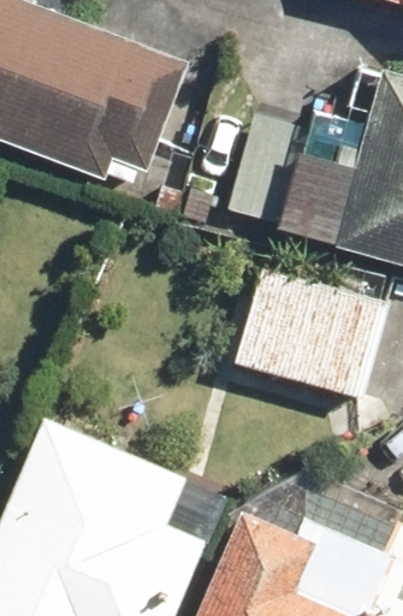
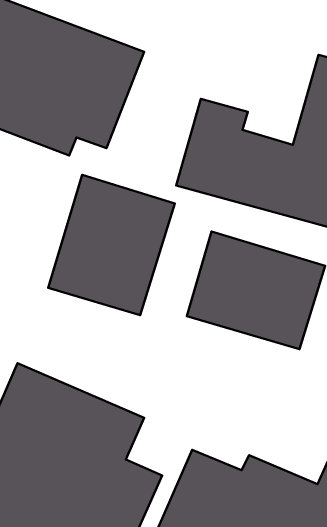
building: none -> [48,175,175,315]

